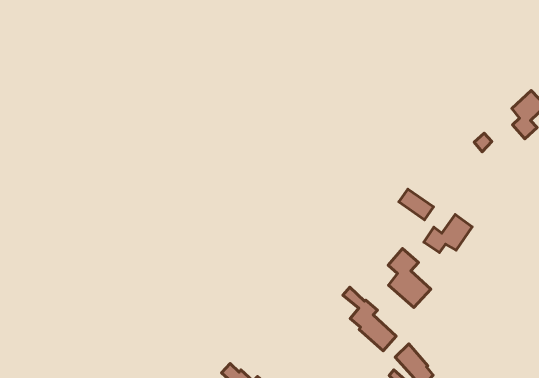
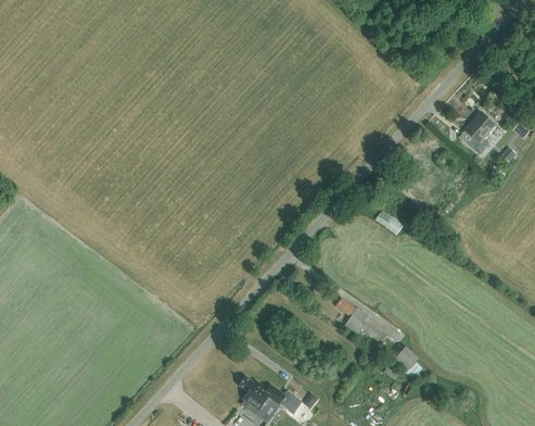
building: [424,215,472,252] -> none
building: [388,249,431,308] -> none

